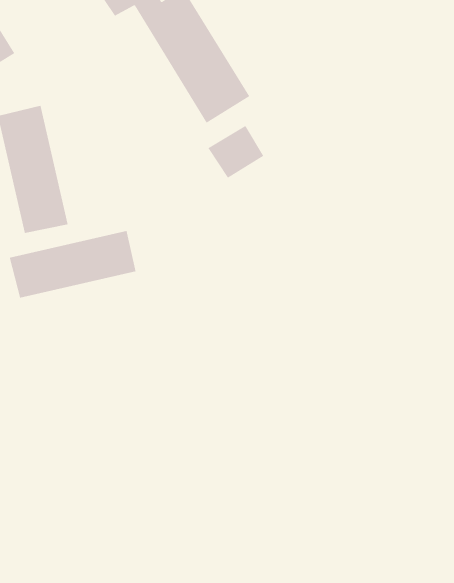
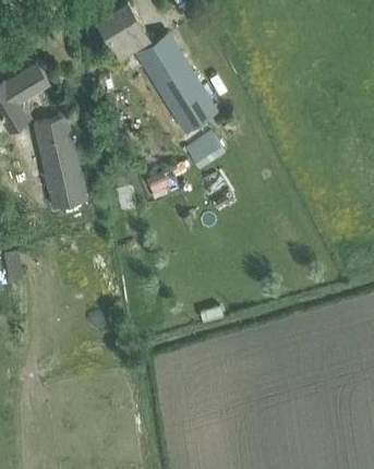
building: [9,230,136,298] -> none

